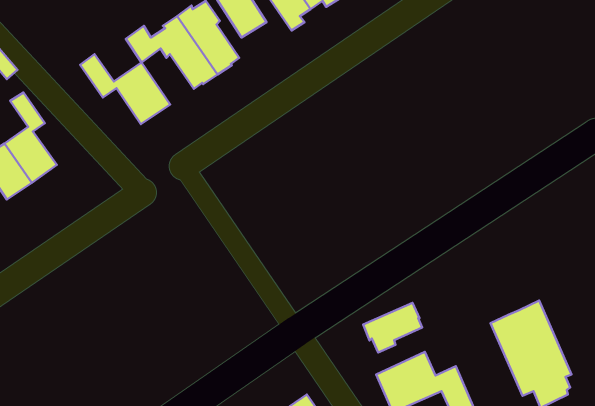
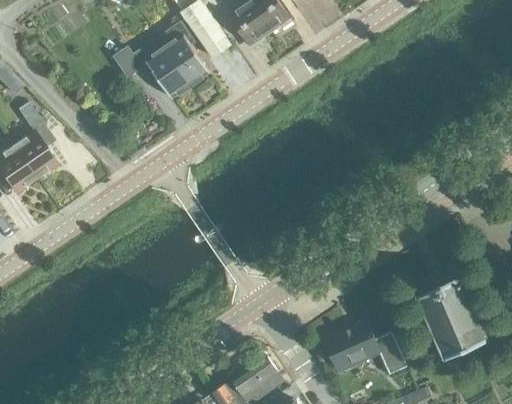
building: [80,54,170,124] -> none
building: [363,303,422,352] -> none

